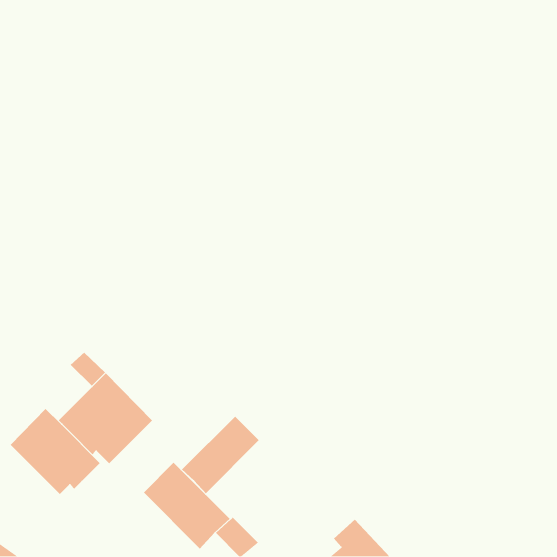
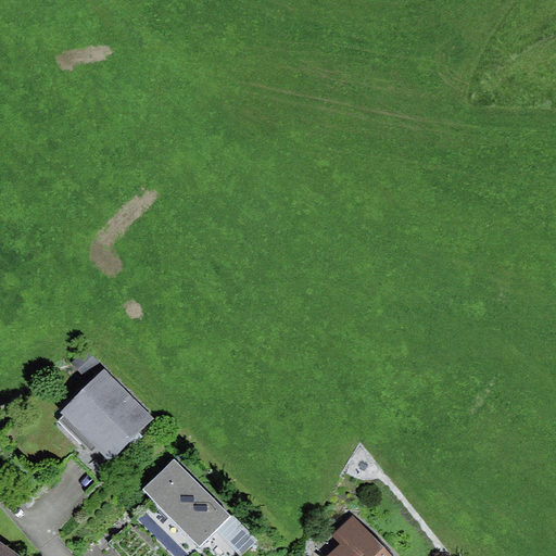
building: [10,408,100,495] -> none
building: [181,416,260,494] -> none

